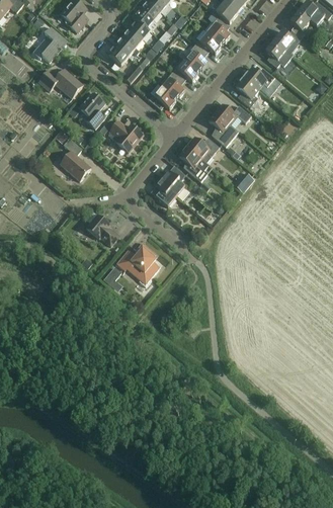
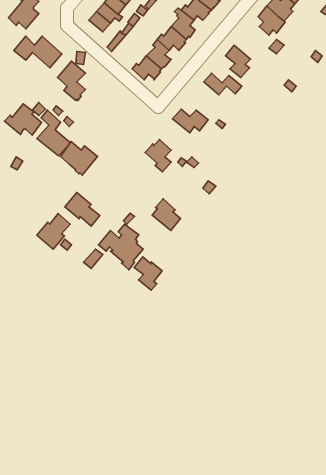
building: [243,68,274,90] -> none
building: [207,111,238,147] -> none
building: [107,120,142,152] -> [60,141,97,175]
building: none -> [4,104,42,135]
building: [178,146,201,177] -> none
building: [150,177,176,206] -> [152,199,180,230]
building: none -> [37,213,70,249]
building: none -> [134,257,162,290]

